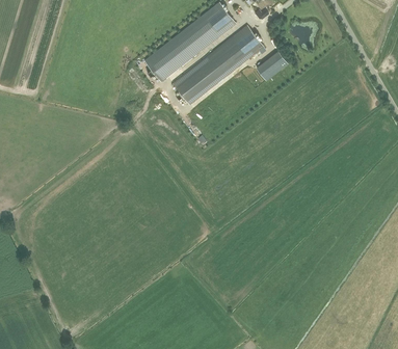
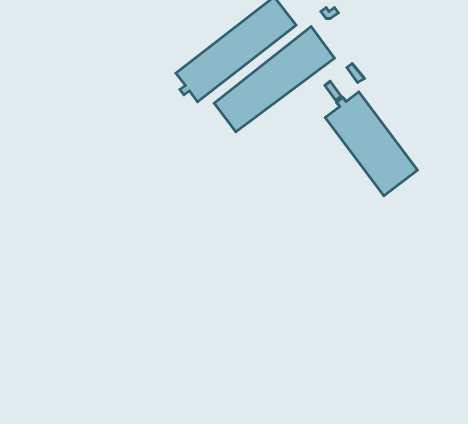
building: none -> [325,92,418,196]

